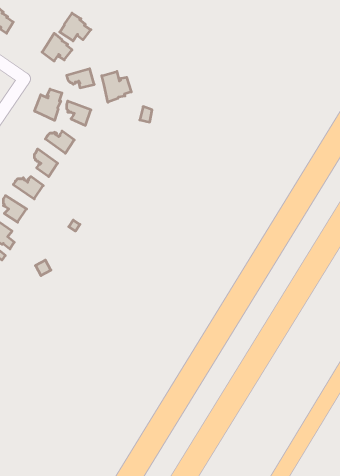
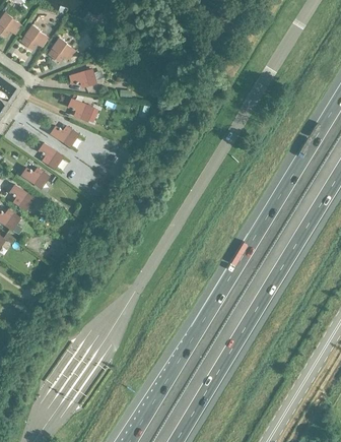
building: [60,13,91,41] -> [20,24,49,50]
building: [102,71,131,102] -> none
building: [35,89,62,120] -> none

